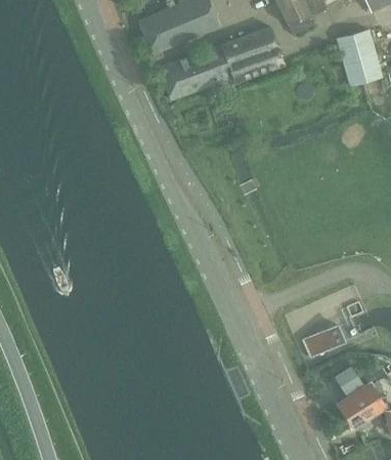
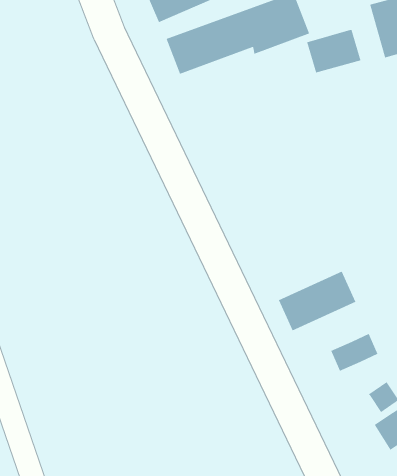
building: none -> [306,29,361,73]
building: none -> [278,271,357,331]

